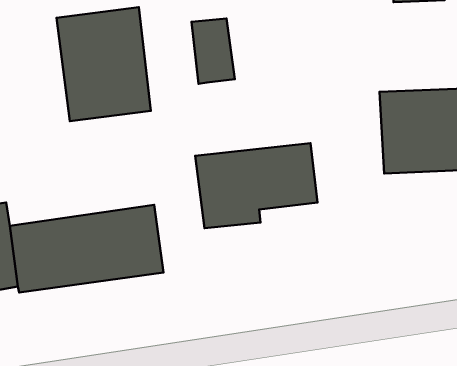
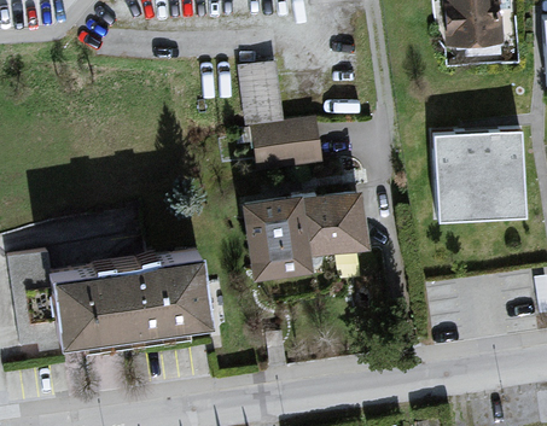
building: [57,7,151,121] -> none
building: none -> [255,119,325,171]

